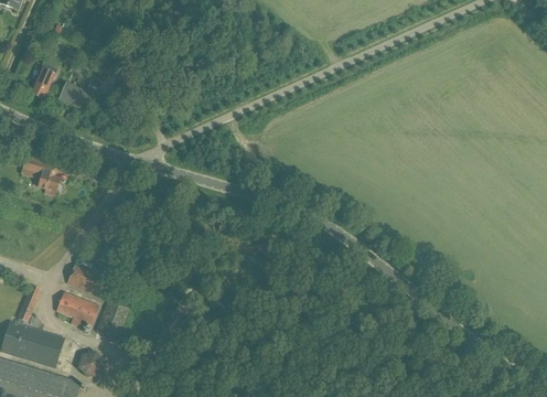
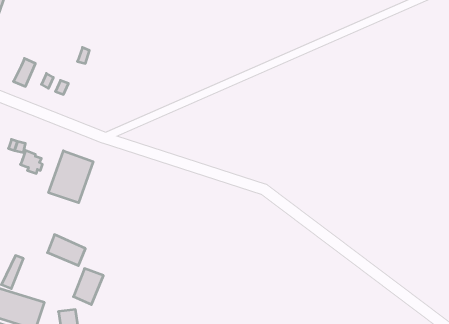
building: none -> [49,151,93,203]
building: [56,291,99,326] -> none

